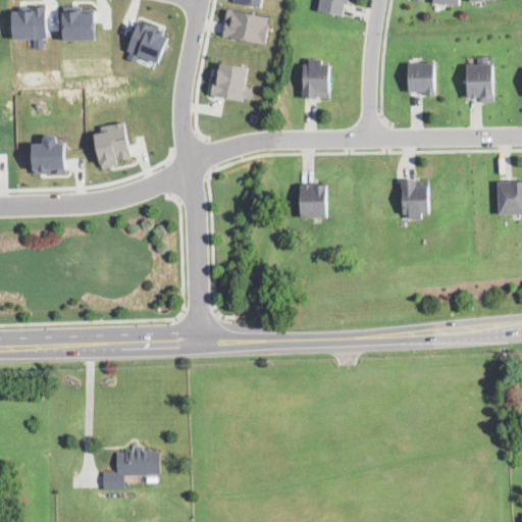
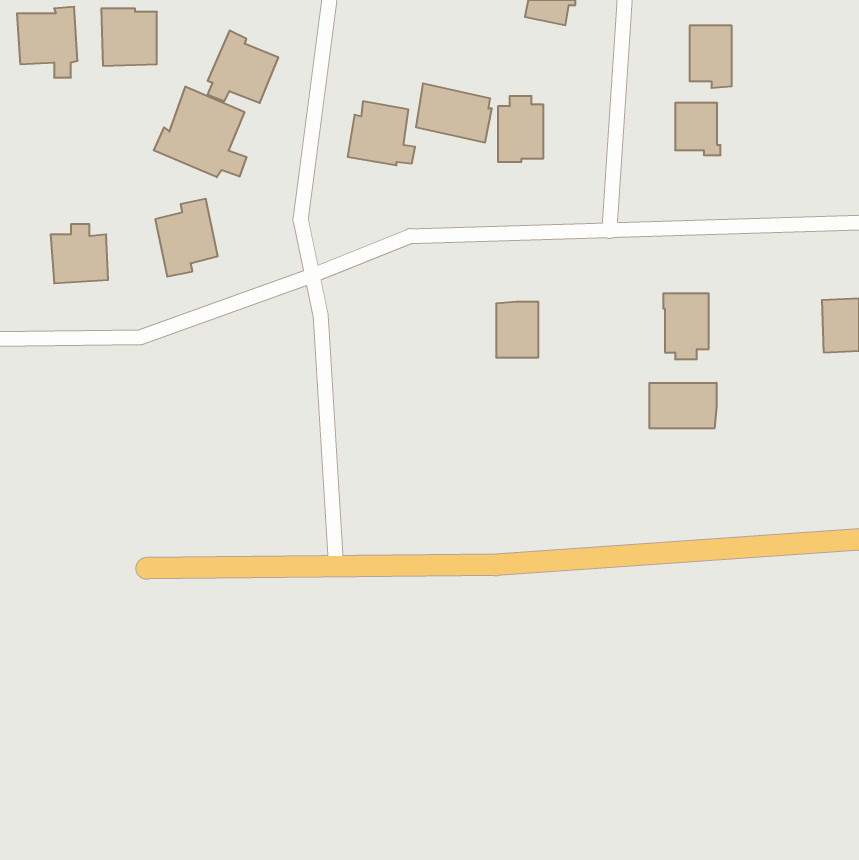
building: [222,8,268,44] -> [416,83,492,142]
building: none -> [154,86,247,177]
building: [467,64,492,102] -> [690,26,732,88]
building: none -> [650,383,717,428]
building: [102,450,159,490] -> none

